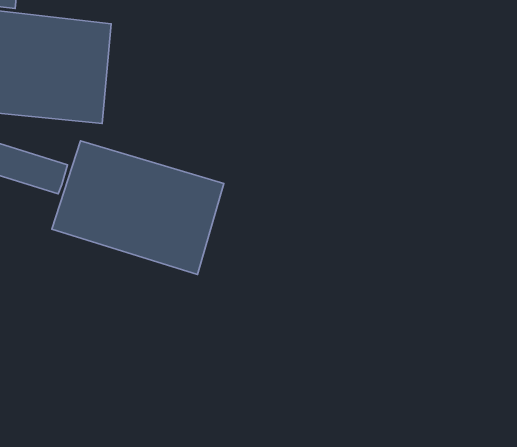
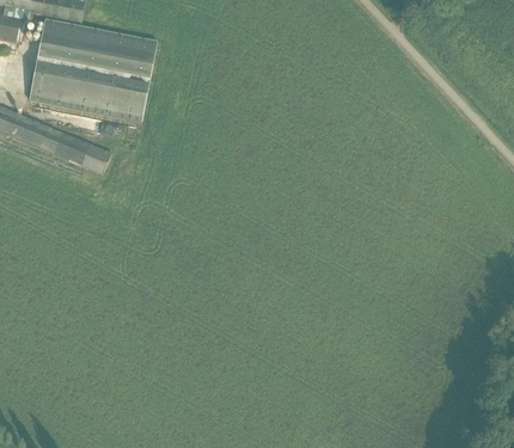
building: [52,141,224,275] -> none

